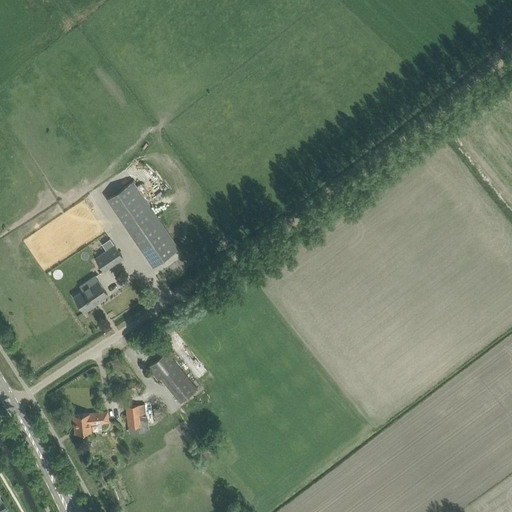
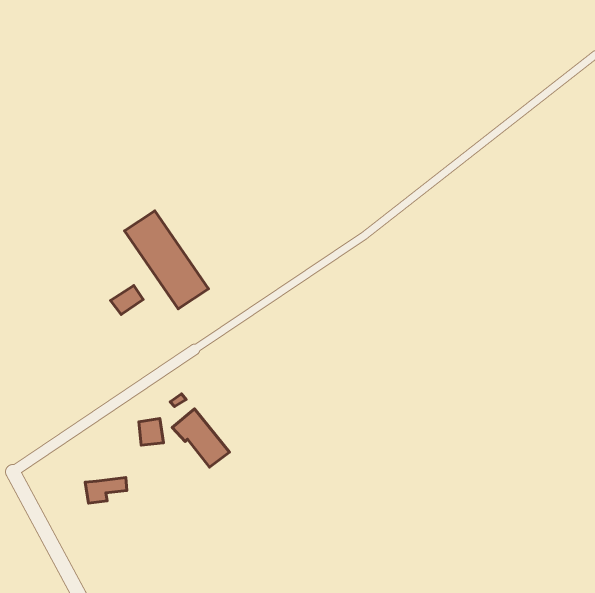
building: [74,281,108,314] -> none
building: [126,405,147,428] -> [139,418,163,445]

